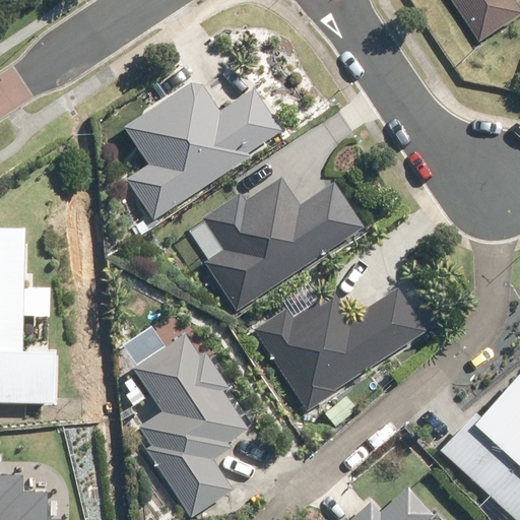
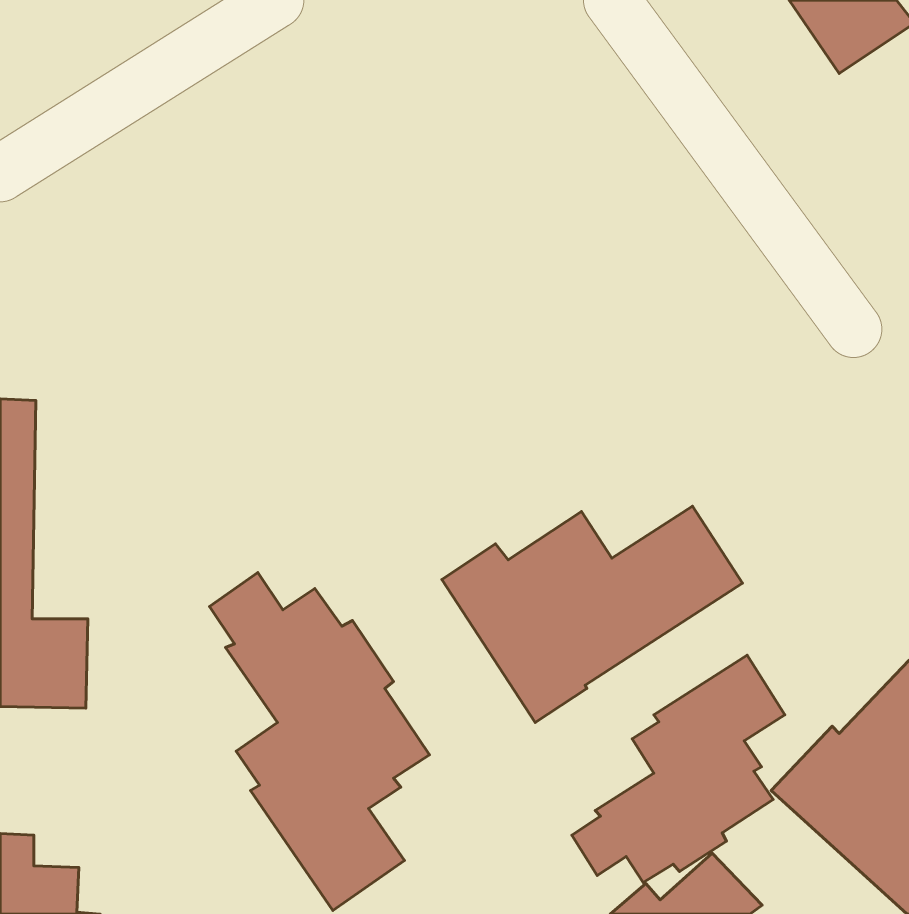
building: [123,82,280,219] -> none
building: [201,176,362,310] -> none
building: none -> [572,655,785,883]

